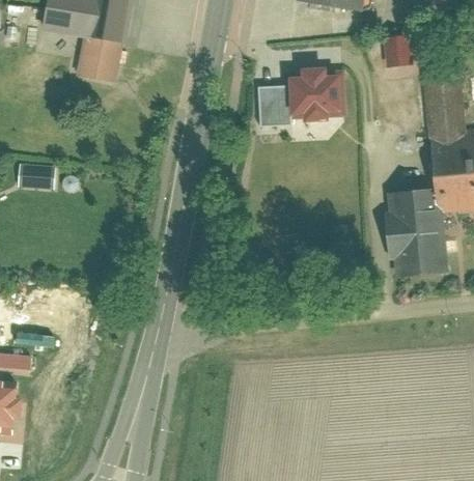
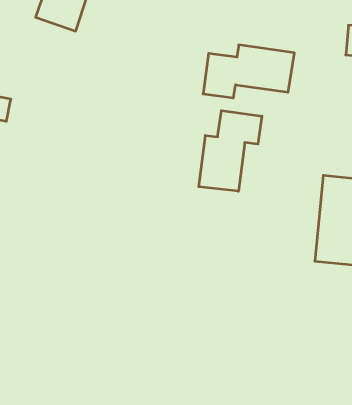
building: none -> [199,111,262,191]

